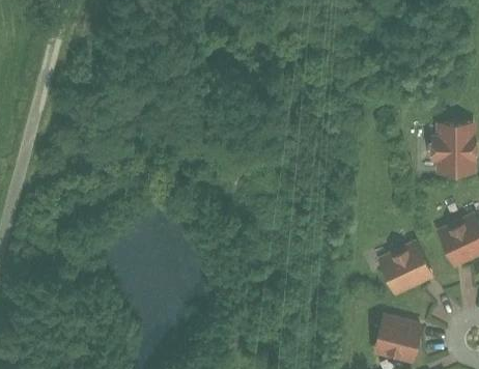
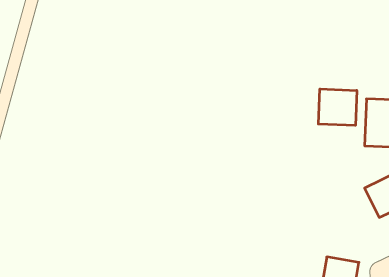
building: none -> [318,89,357,125]
building: [382,242,436,294] -> none

